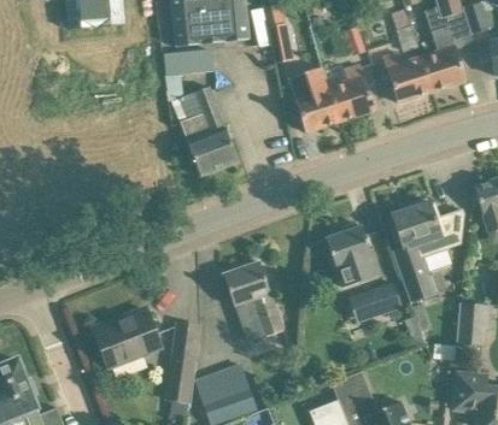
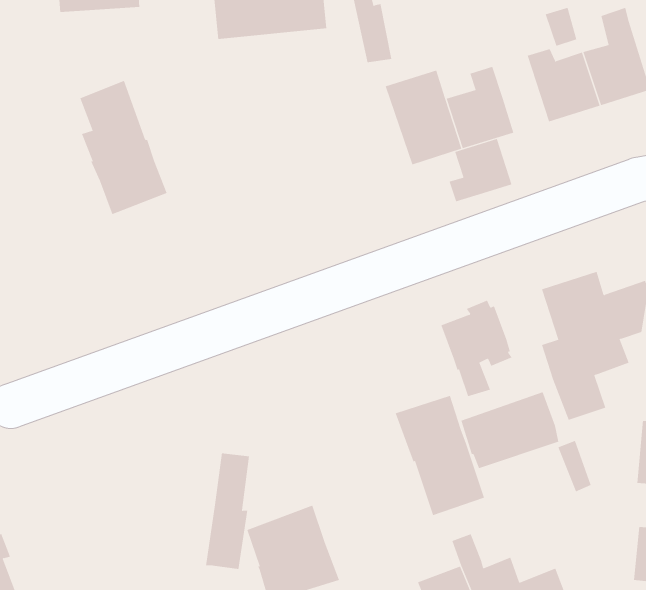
building: [164,51,215,76] -> none
building: [180,85,239,176] -> [79,80,168,215]
building: none -> [449,138,512,202]
building: [223,261,283,342] -> [395,395,485,516]
building: [94,308,160,367] -> none

